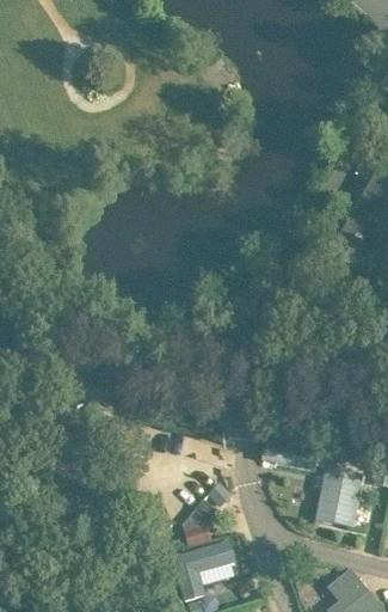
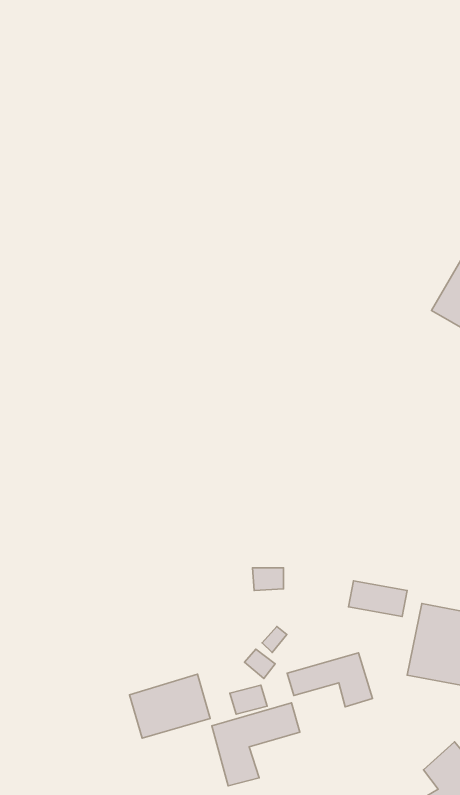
building: none -> [287,653,372,707]
building: none -> [130,674,210,738]

